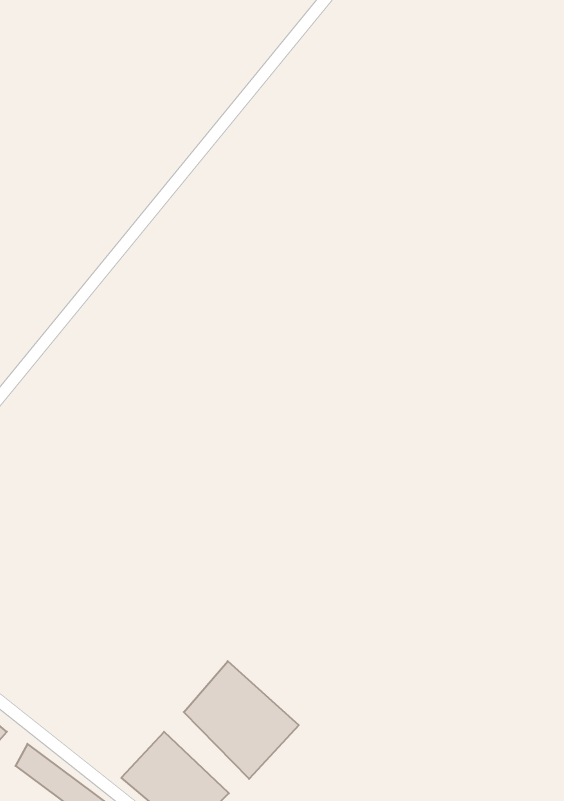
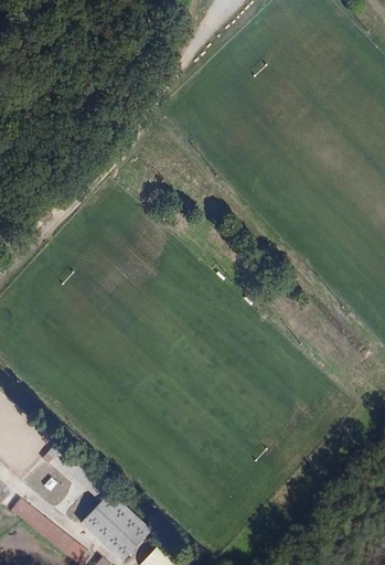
building: [184,661,299,779] -> none

